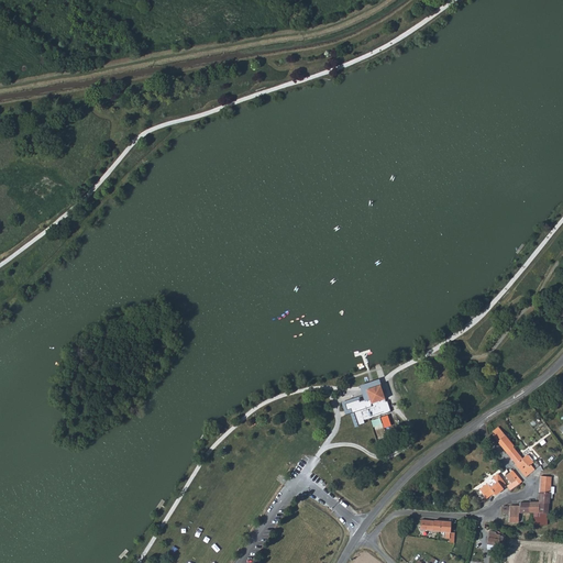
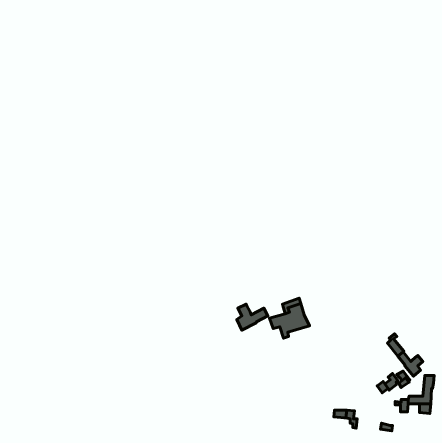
building: none -> [237,304,268,330]

